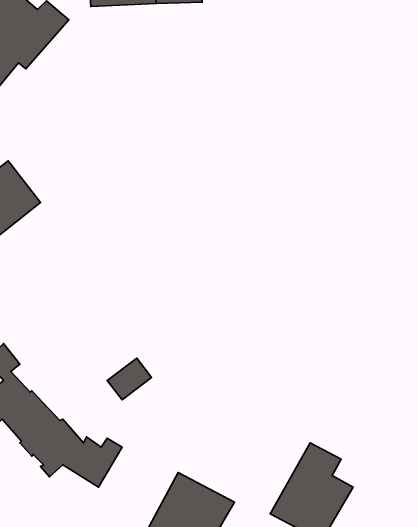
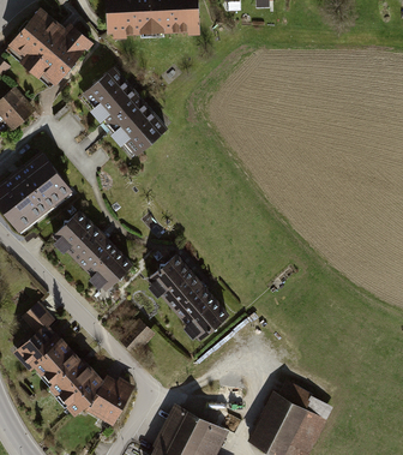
building: none -> [84,68,164,152]
building: none -> [56,211,130,286]
building: none -> [151,255,225,335]

